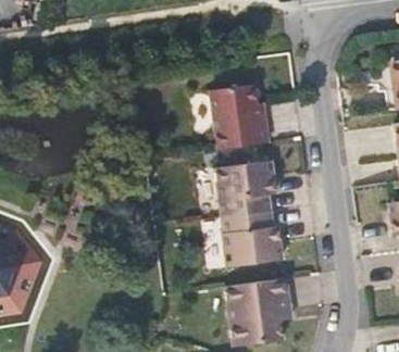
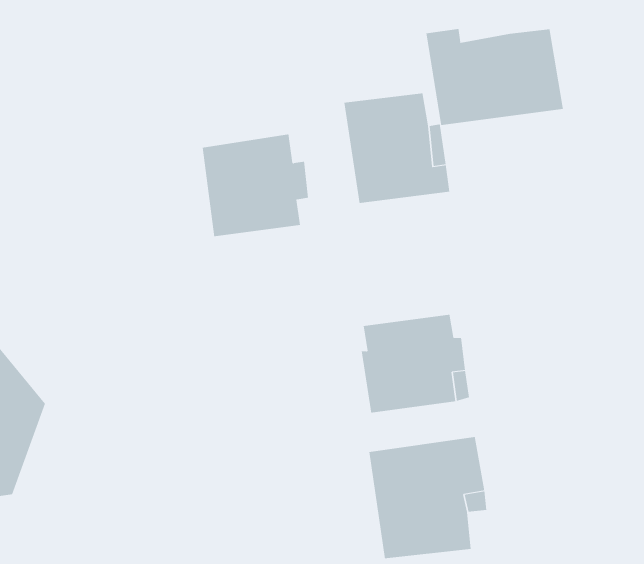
building: none -> [426,28,563,126]
building: [214,159,274,216] -> [202,134,309,237]

